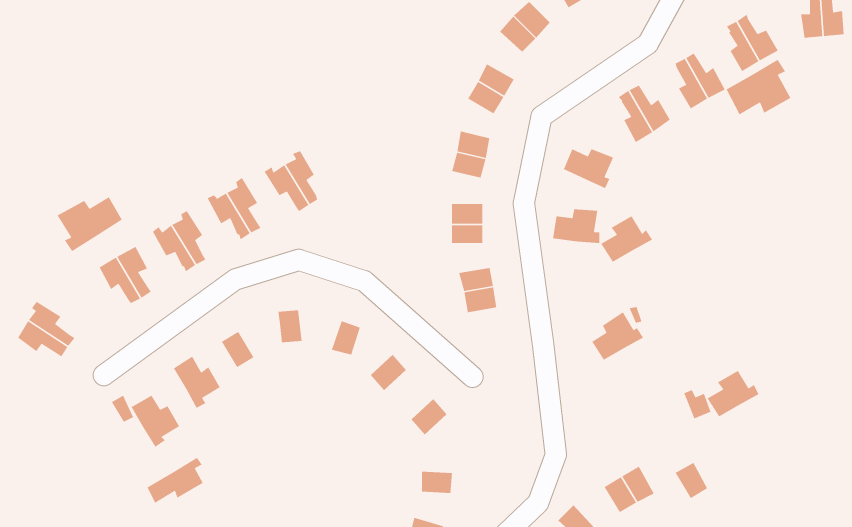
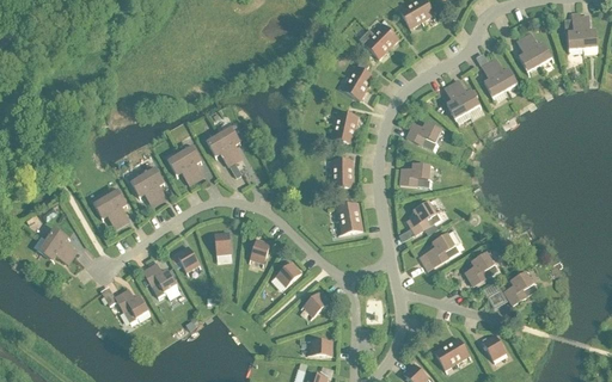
building: [725,59,791,116] -> none
building: [56,196,123,252] -> none
building: [600,215,653,263] -> [406,202,442,234]
building: none -> [465,252,500,285]
building: [146,457,204,504] -> none

